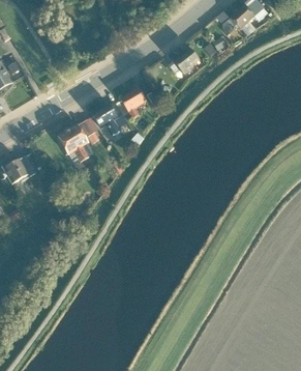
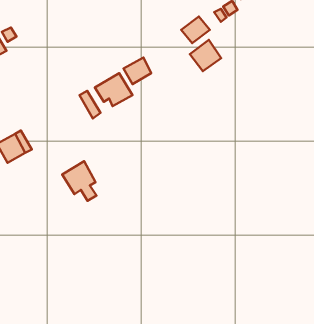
building: none -> [190,40,221,71]
building: [57,124,89,162] -> [62,161,96,201]

